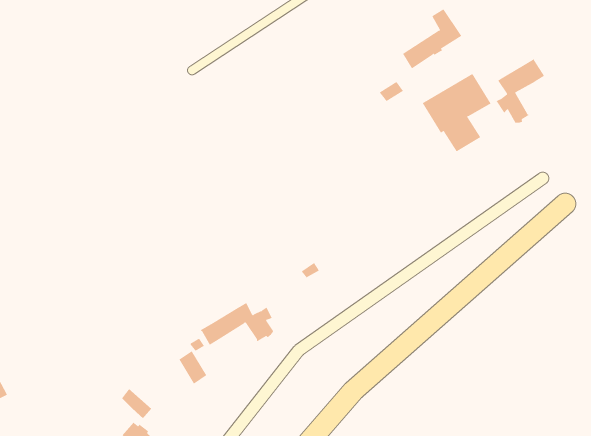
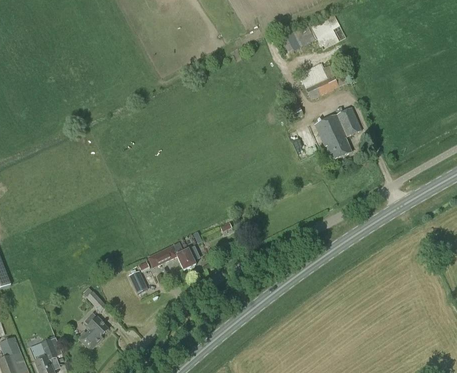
building: [496,58,545,124] -> none

